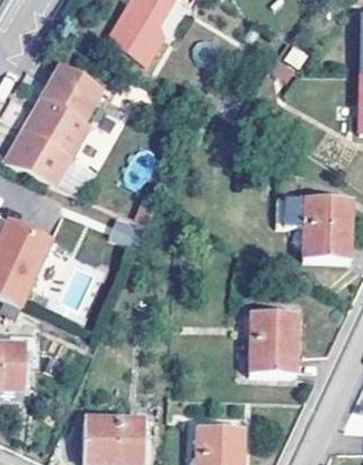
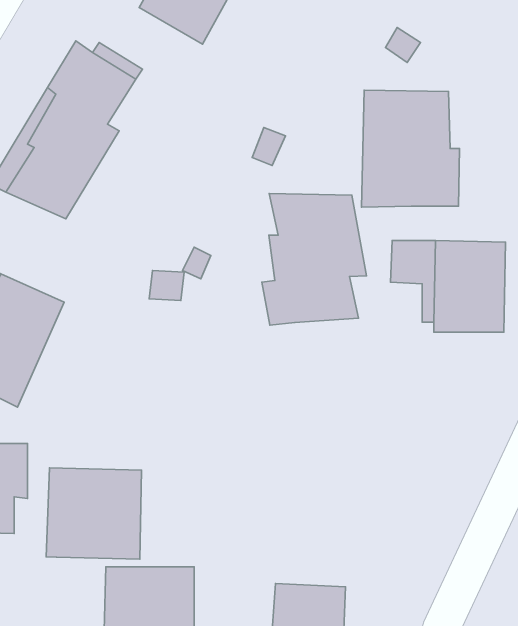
building: none -> [362,90,459,207]
building: none -> [262,193,366,325]
building: [249,313,299,375] -> none
building: none -> [46,468,142,559]

